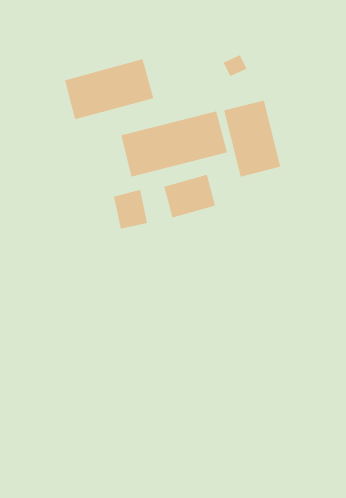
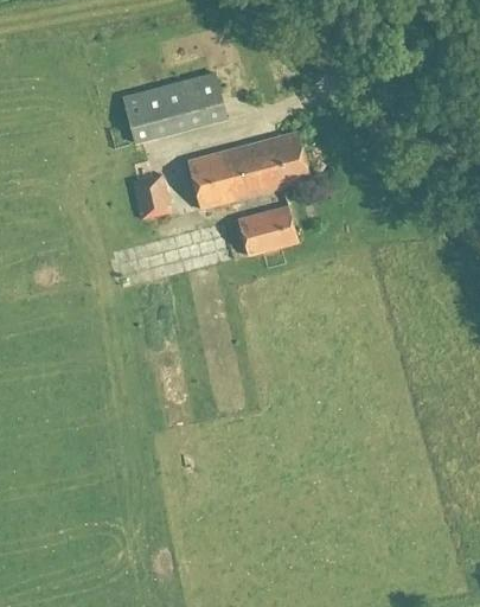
building: [223,100,281,178] -> none
building: [113,189,148,229] -> [132,172,172,218]

